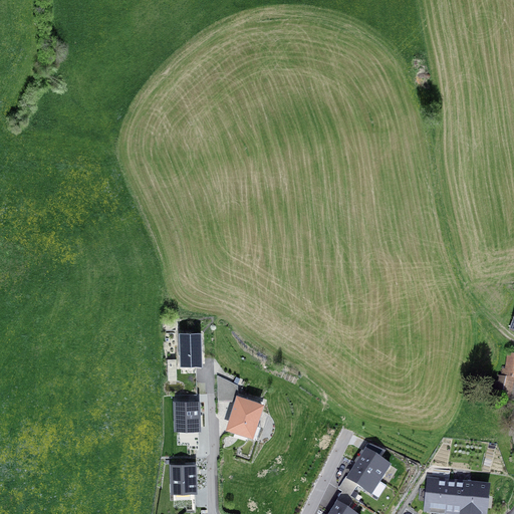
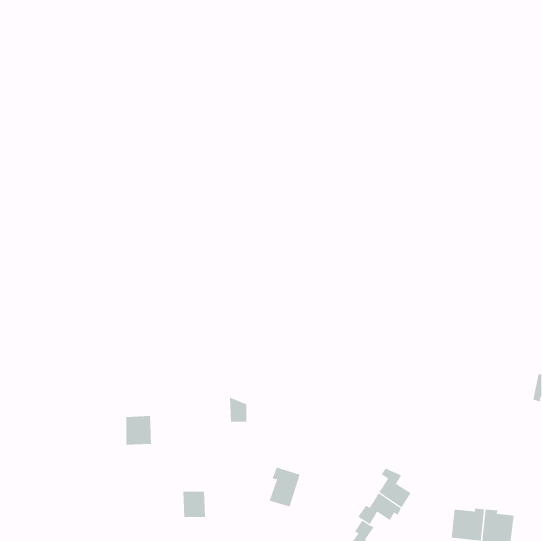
building: [180,333,201,364] -> none
building: [231,398,261,436] -> [269,467,301,507]
building: [175,400,200,428] -> [125,416,152,445]

